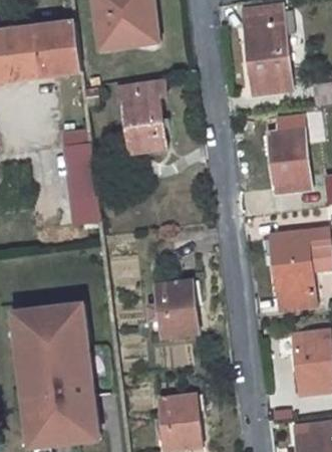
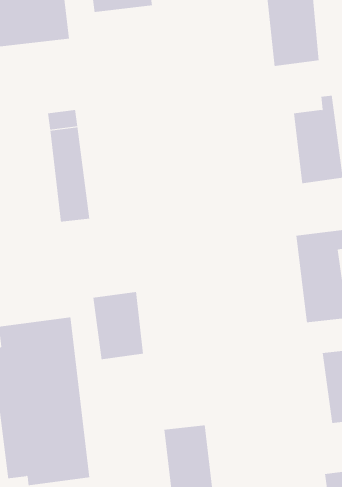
building: [108,81,165,160] -> none
building: [154,279,198,336] -> [92,292,144,360]

